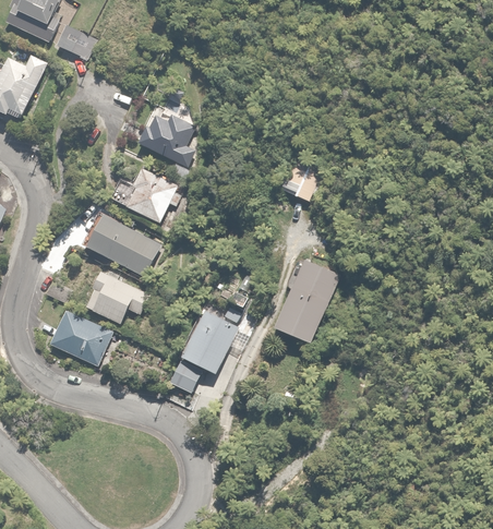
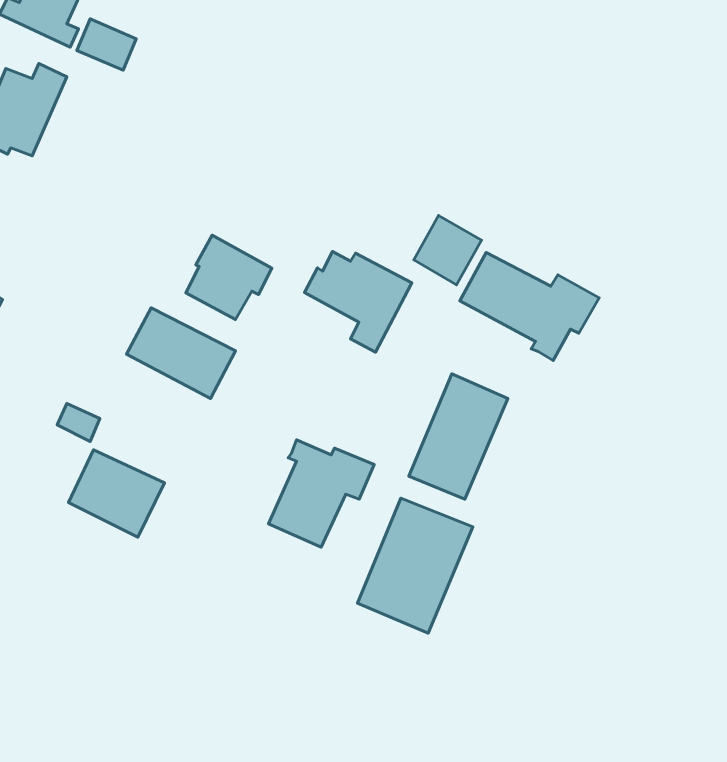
building: [137,116,208,182] -> [304,251,412,352]
building: none -> [460,253,599,361]
building: [85,270,147,324] -> none
building: none -> [358,498,473,633]
building: [168,362,200,393] -> none

